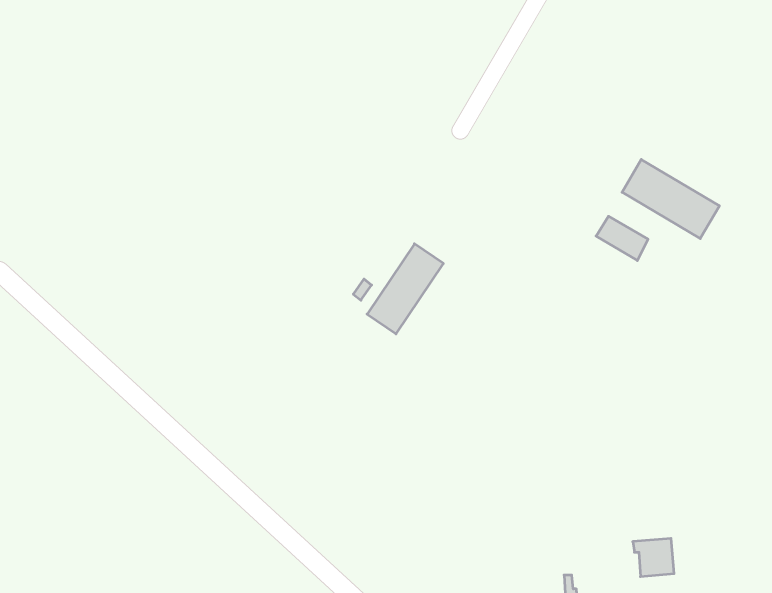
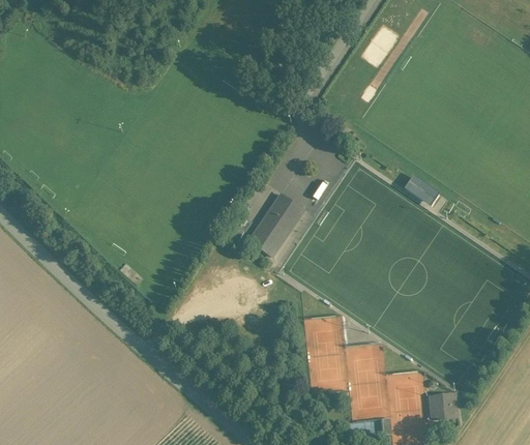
building: [622,159,719,239] -> none

